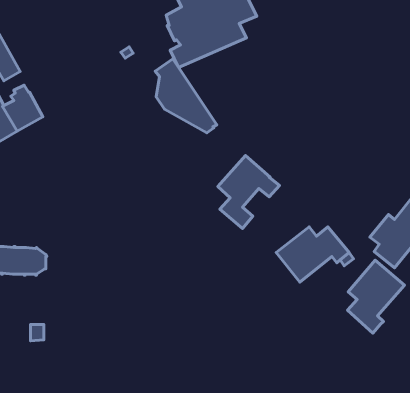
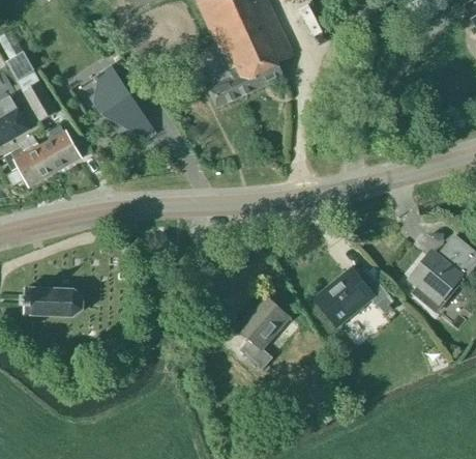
building: [155,59,217,133] -> [94,65,156,140]
building: [218,156,279,229] -> [237,295,299,369]
building: [348,260,404,333] -> none

